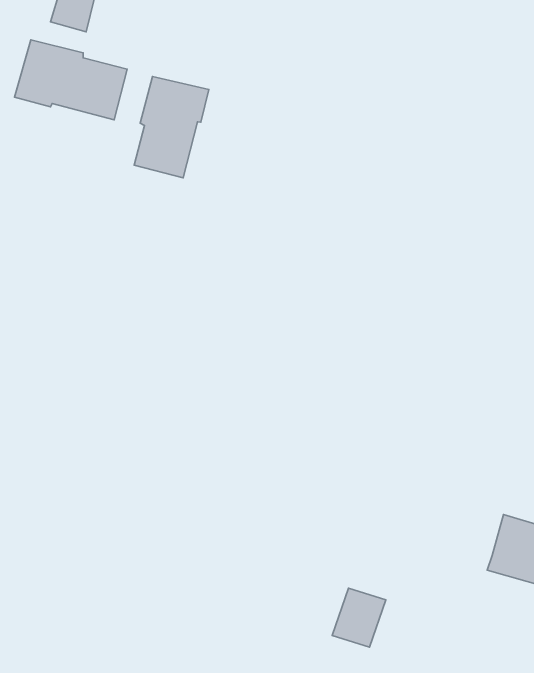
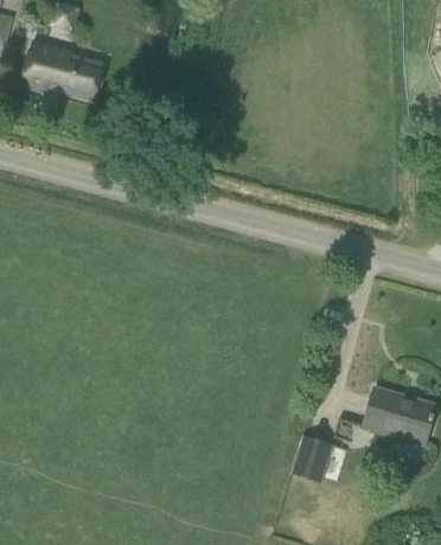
building: [134,76,209,178] -> none
building: [332,588,386,647] -> [295,437,334,480]

